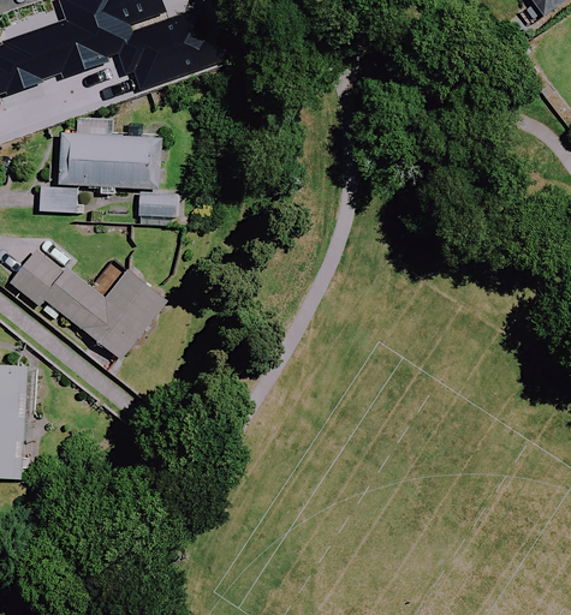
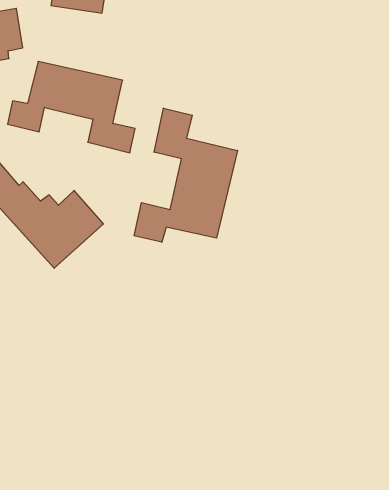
building: none -> [134,108,238,242]

